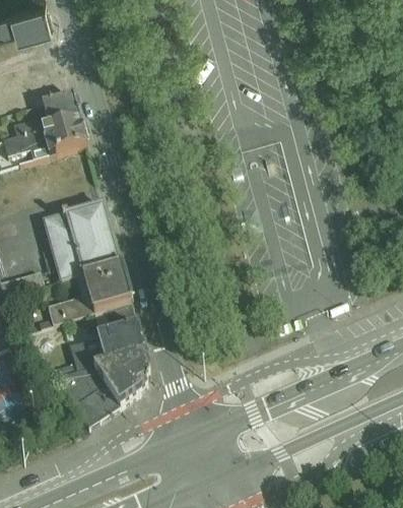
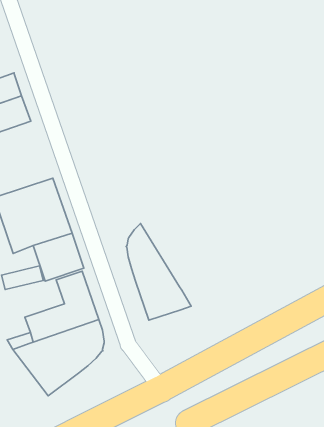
building: none -> [126,224,191,320]

